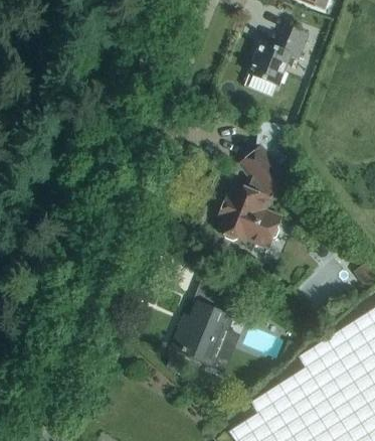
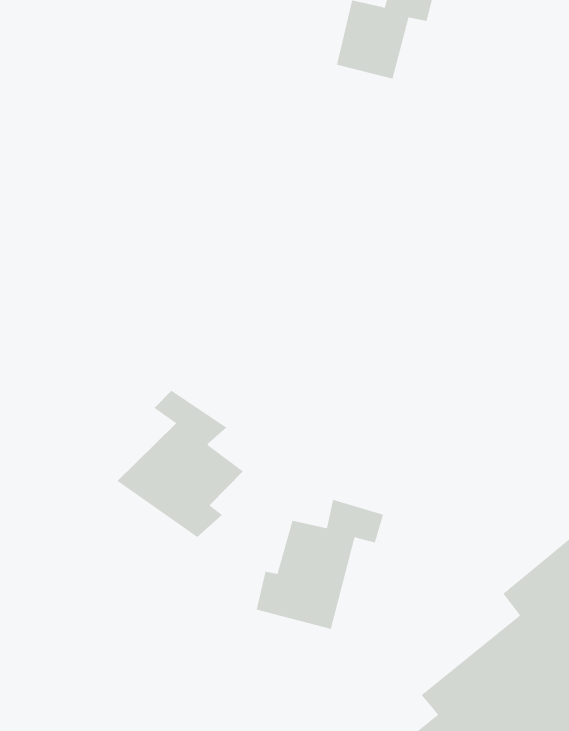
building: [219,130,293,247] -> none
building: none -> [116,390,244,538]

